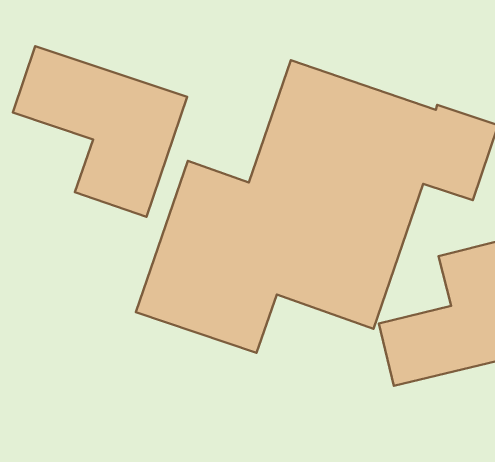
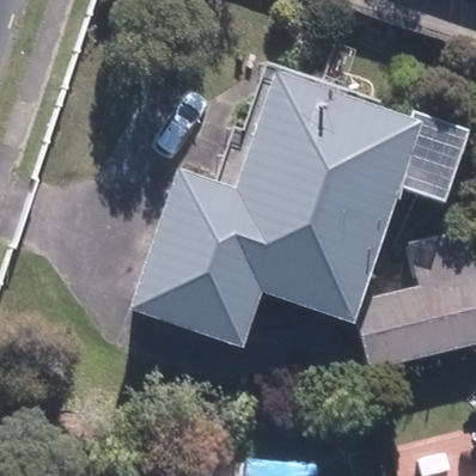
building: [13,46,187,217] -> none

